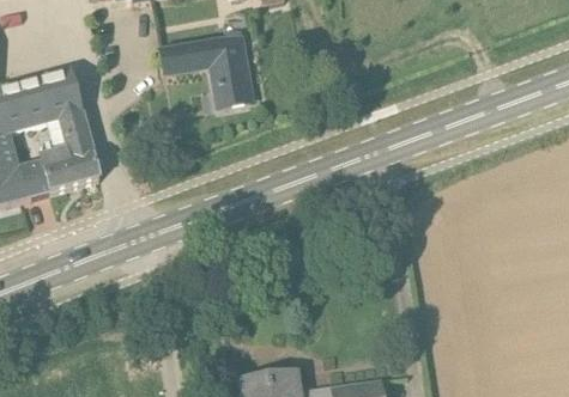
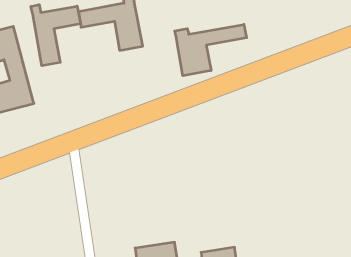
building: none -> [31,5,81,66]
building: none -> [175,24,247,76]

